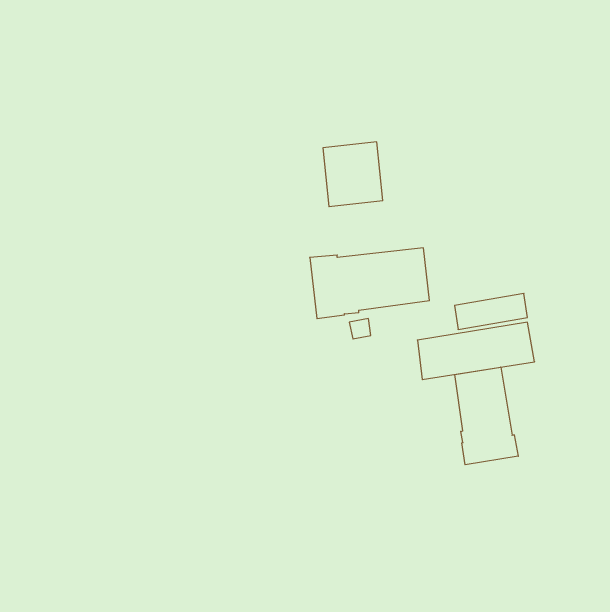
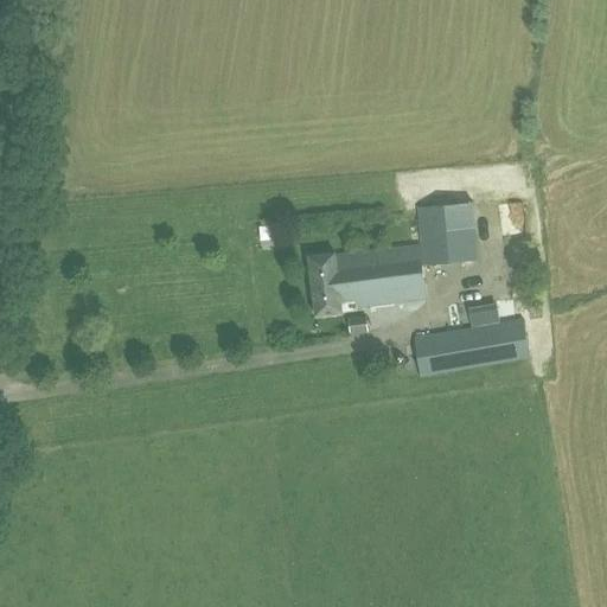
building: [323,142,383,207] -> [417,202,477,266]
building: [455,367,518,465] -> none

